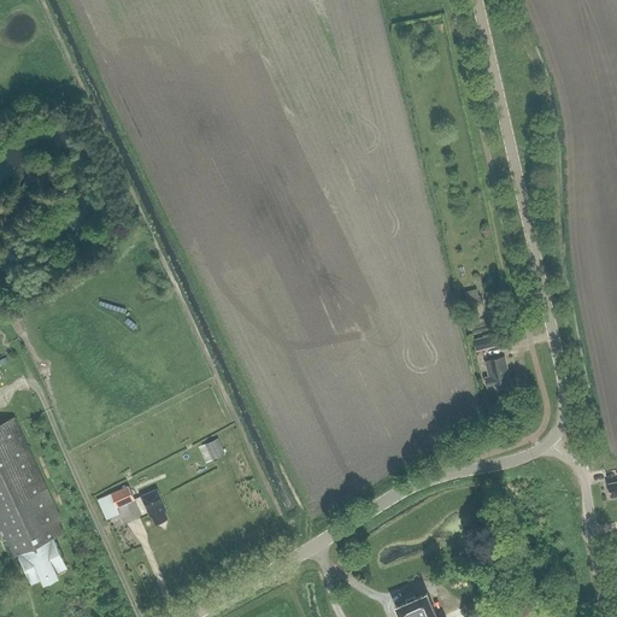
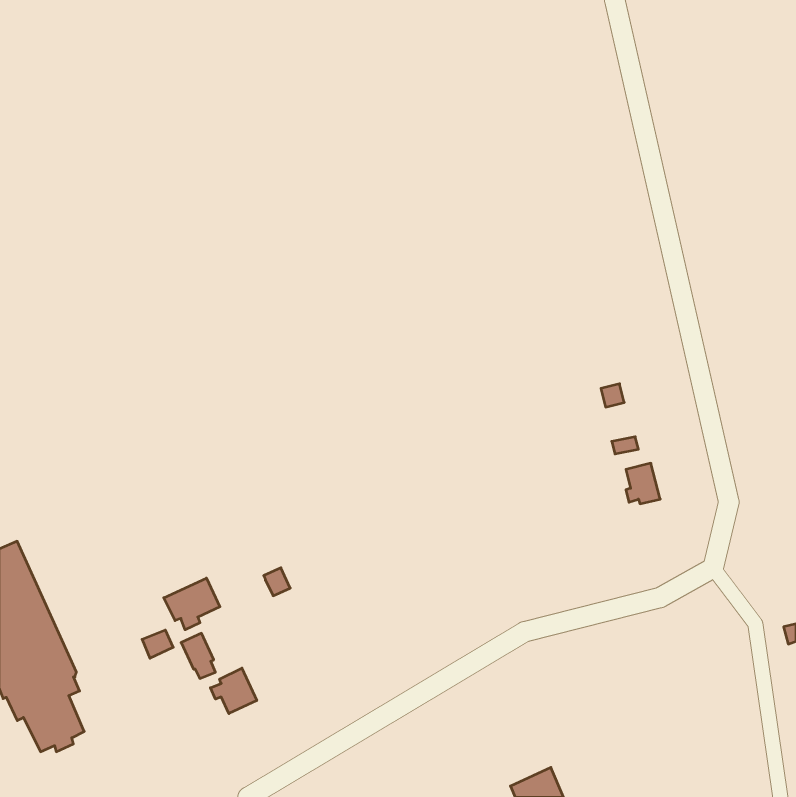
building: none -> [164,578,220,630]
building: none -> [210,668,257,714]

